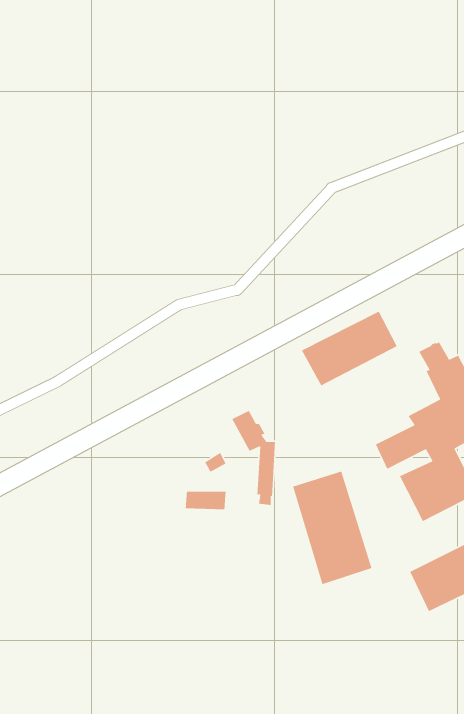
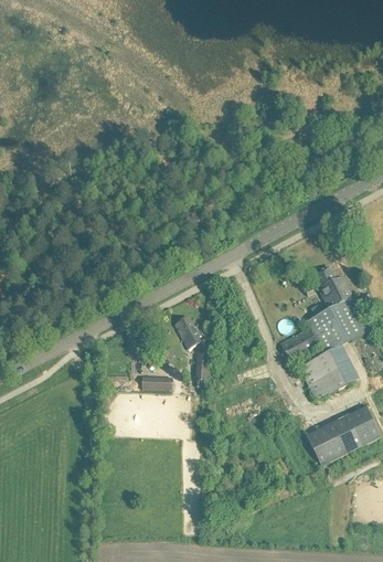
building: [301,311,398,387] -> none
building: [292,471,373,585] -> none

